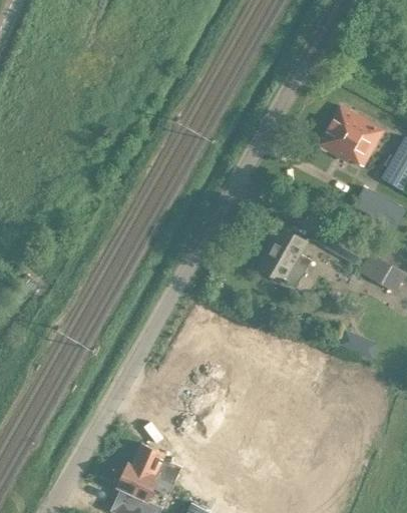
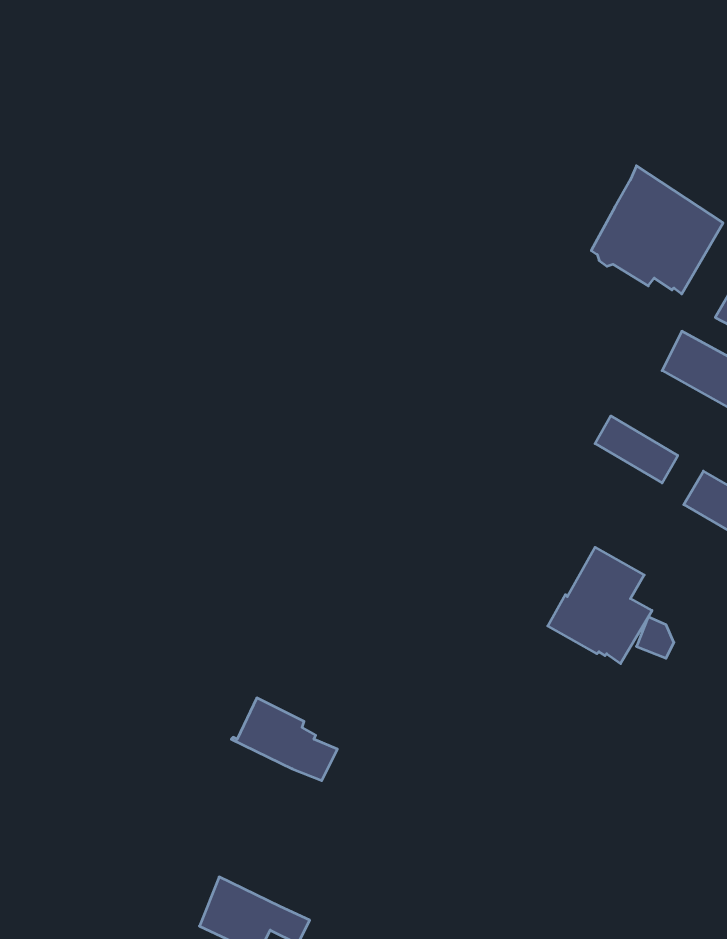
building: [257,228,310,288] -> [548,547,652,664]
building: [127,443,181,485] -> [231,698,337,781]

